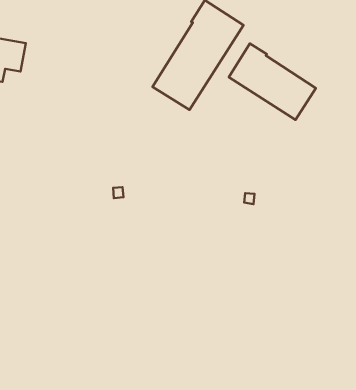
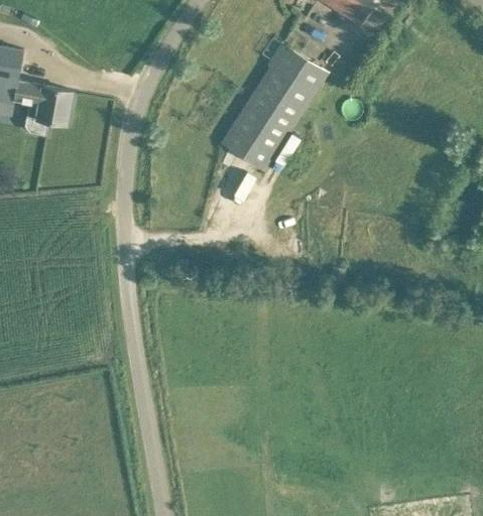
building: [229,44,316,120] -> none

